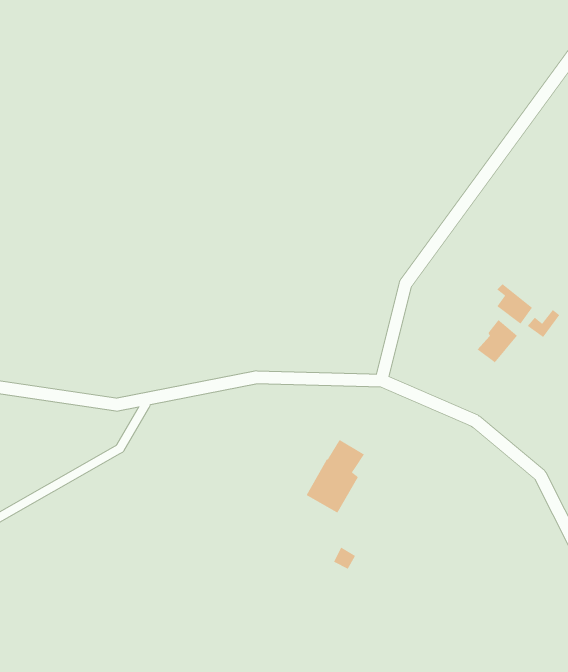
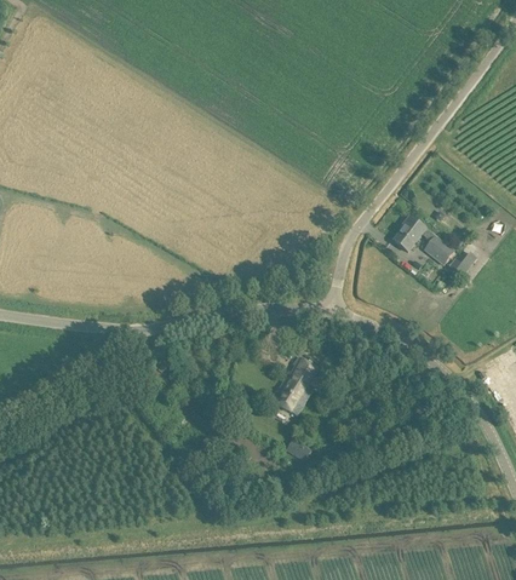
building: [477,319,518,363] -> [392,214,425,249]

